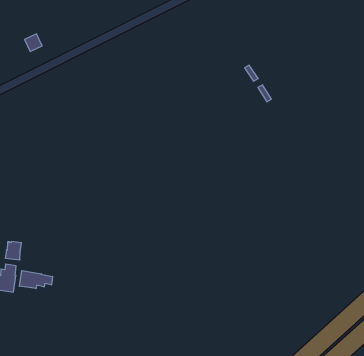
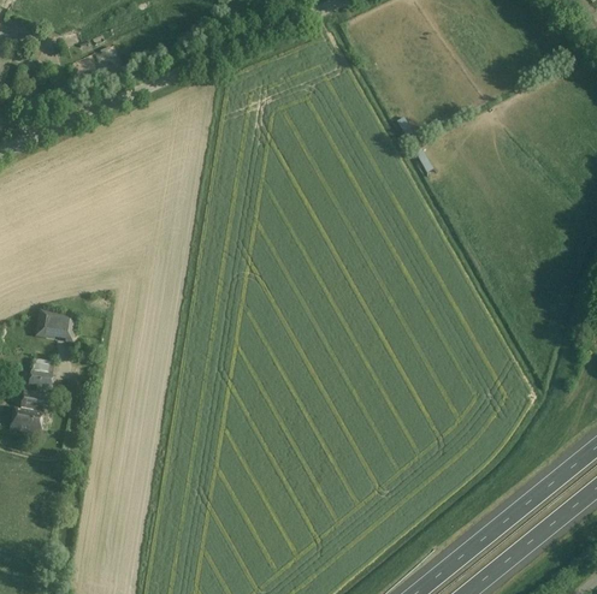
building: none -> [35,309,75,340]
building: [19,271,52,289] -> none

